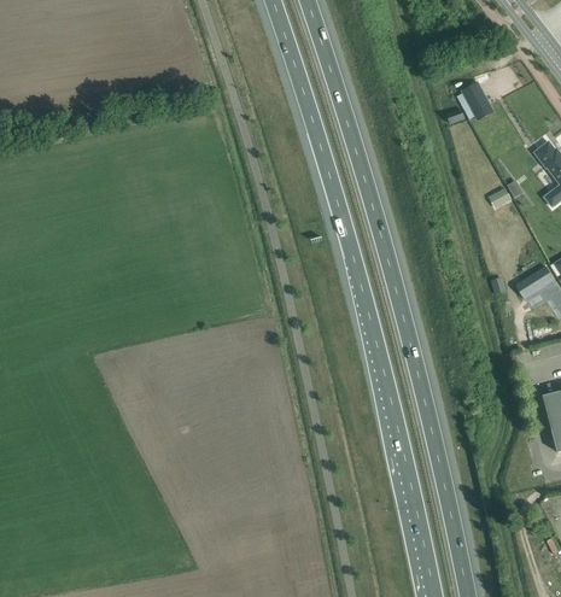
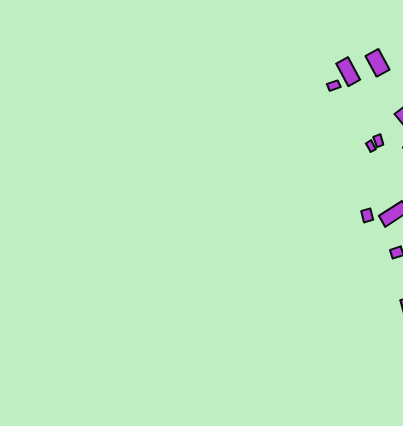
building: none -> [366,49,389,77]

